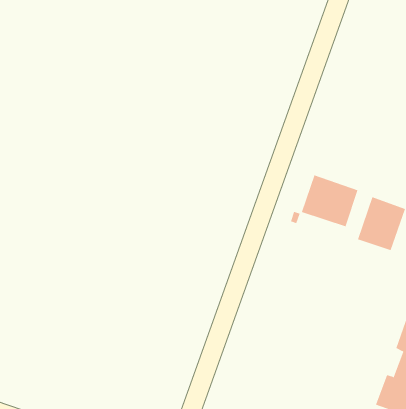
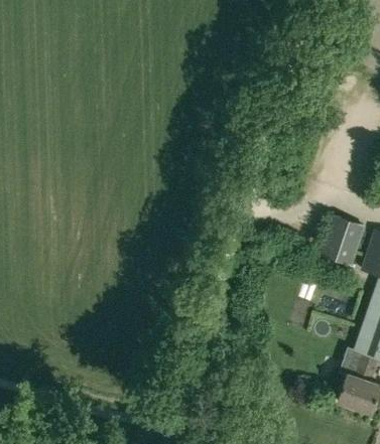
building: [301,175,358,227] -> none

